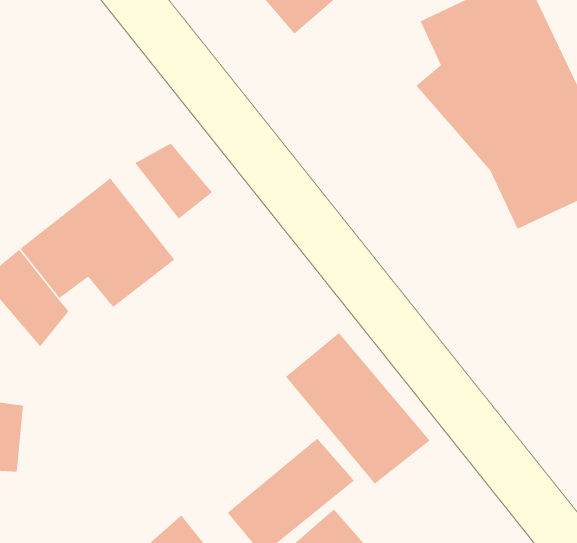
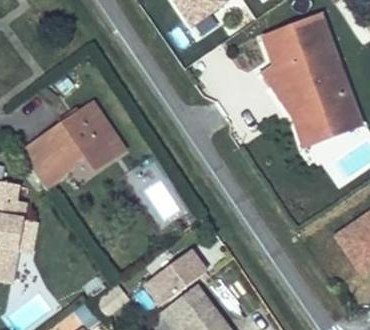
building: [135,143,213,220] -> none
building: [285,332,430,485] -> none

